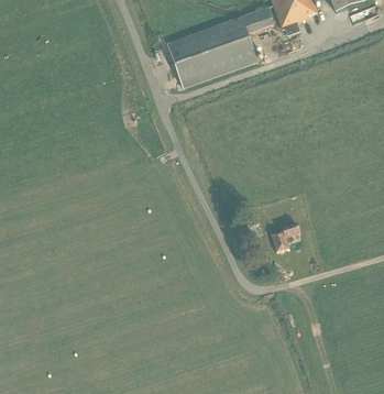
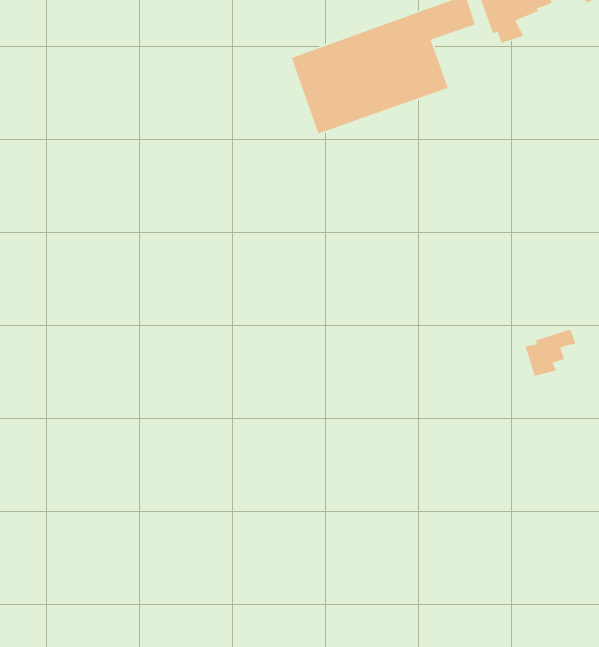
building: [271,223,300,251] -> [525,329,577,377]

